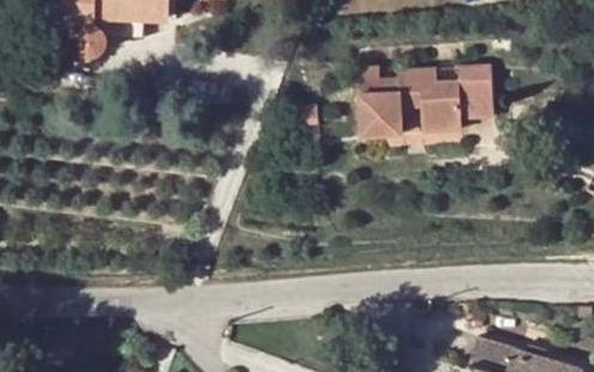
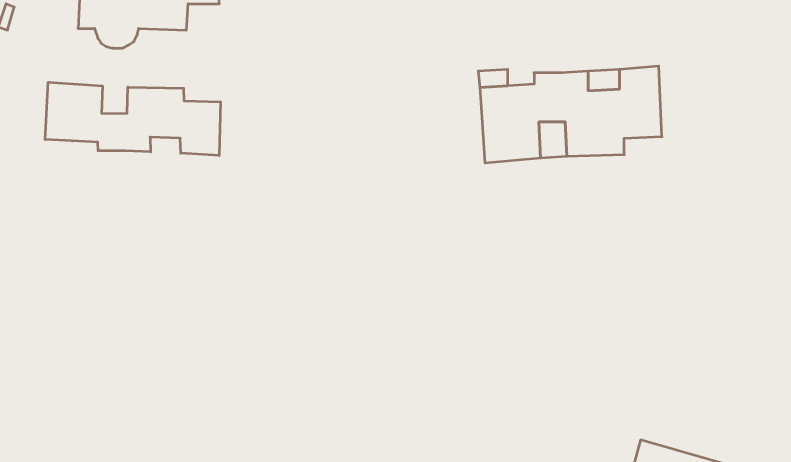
building: none -> [45,82,221,156]

